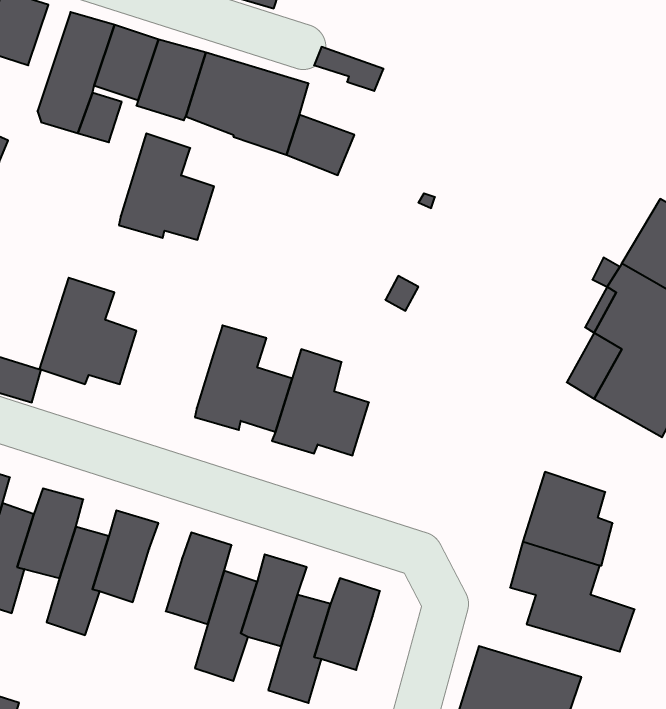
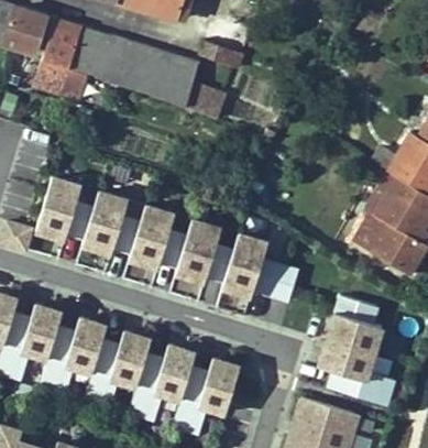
building: [119,133,214,240] -> [84,194,141,258]
building: none -> [223,237,293,304]
building: none -> [85,342,122,407]

